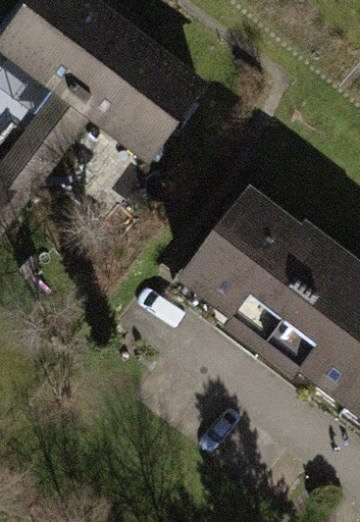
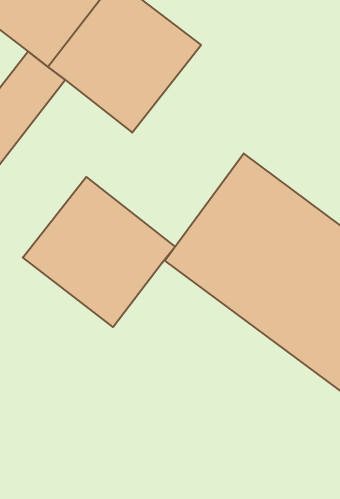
building: none -> [23,177,175,327]

